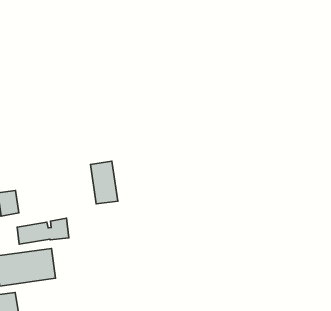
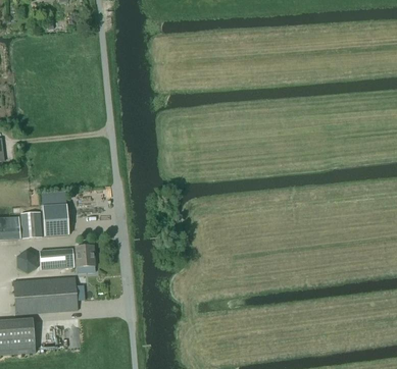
building: [91,161,118,204] -> [42,191,68,235]

